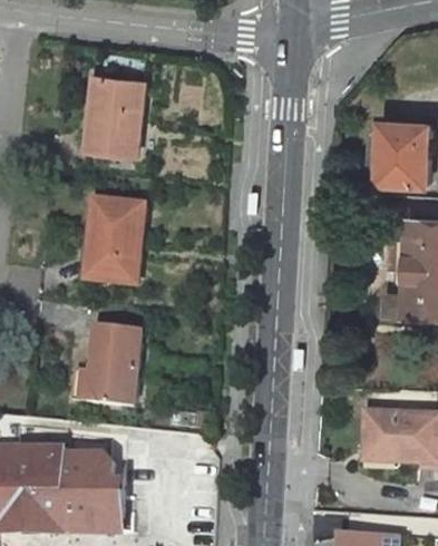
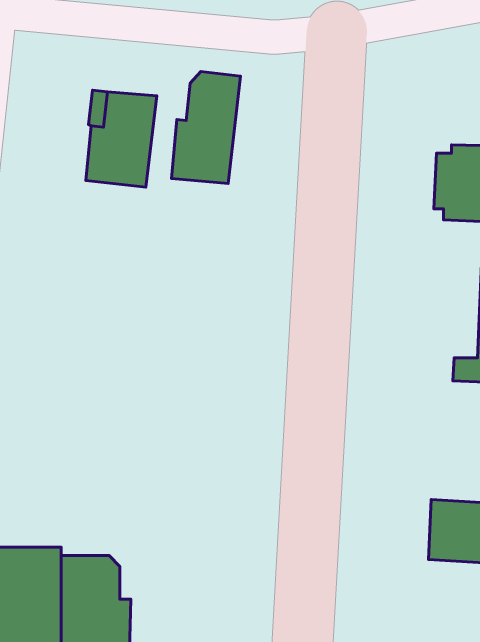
building: none -> [171,72,240,184]
building: [86,201,143,284] -> none
building: [70,324,142,408] -> none

